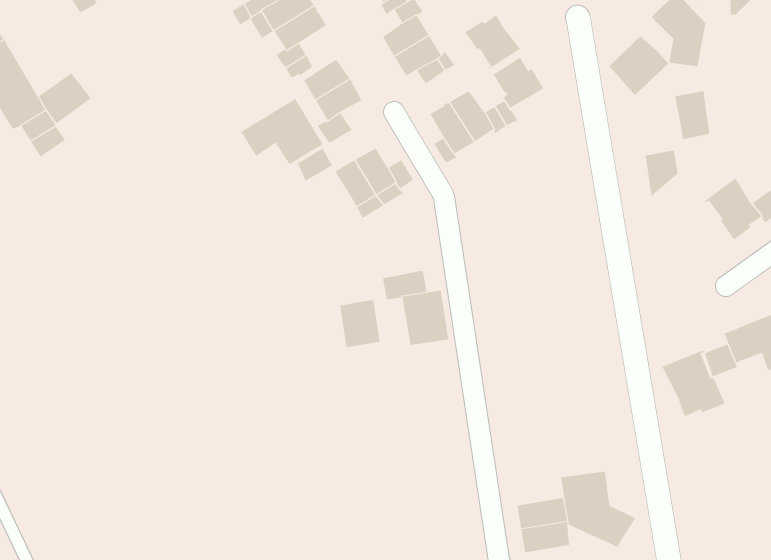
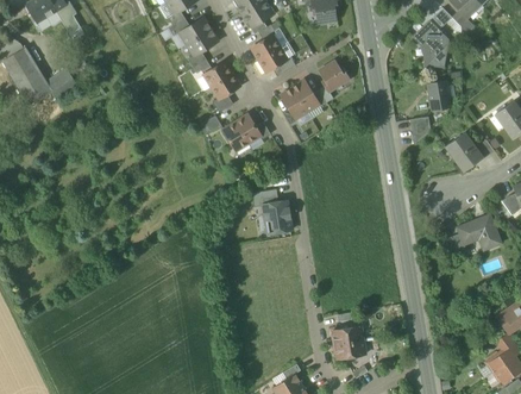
building: [465,15,521,70] -> none
building: [609,35,669,96] -> none
building: [240,98,323,165] -> none
building: [339,299,380,348] -> none
building: [662,349,725,417] -> none
building: [560,471,636,547] -> none

